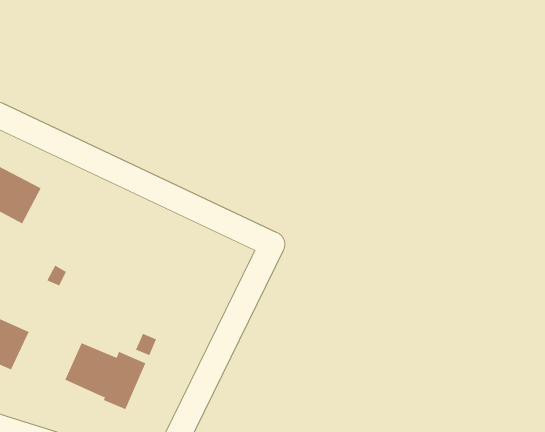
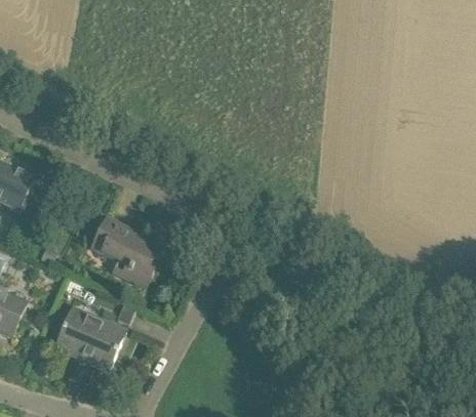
building: none -> [90,215,158,297]

